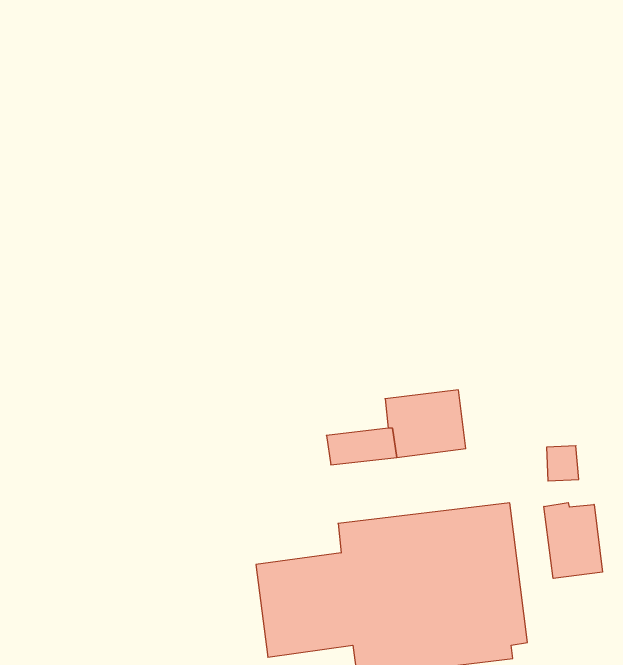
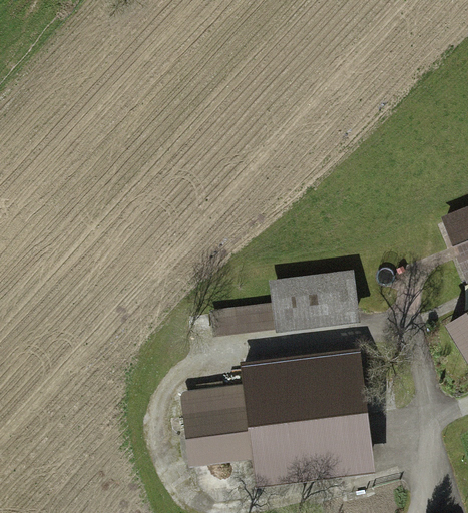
building: none -> [324,275,354,318]
building: [544,503,602,578] -> none

